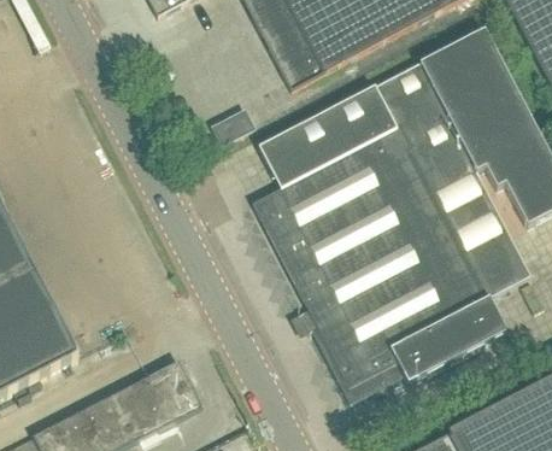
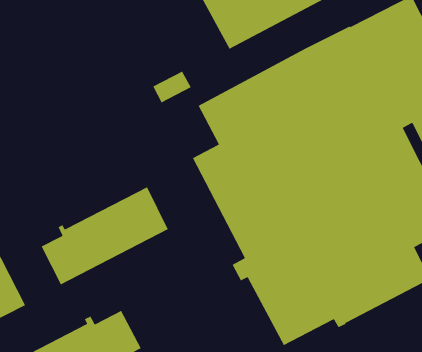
building: none -> [41,186,169,285]

